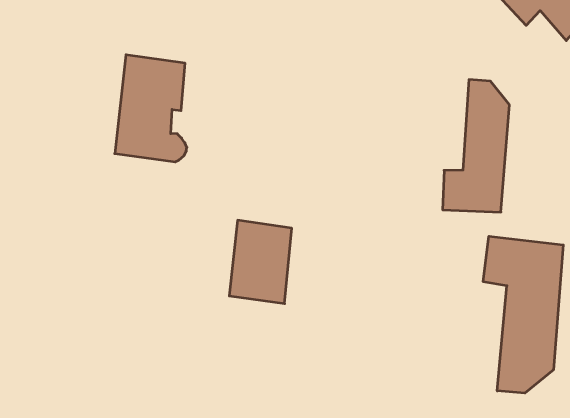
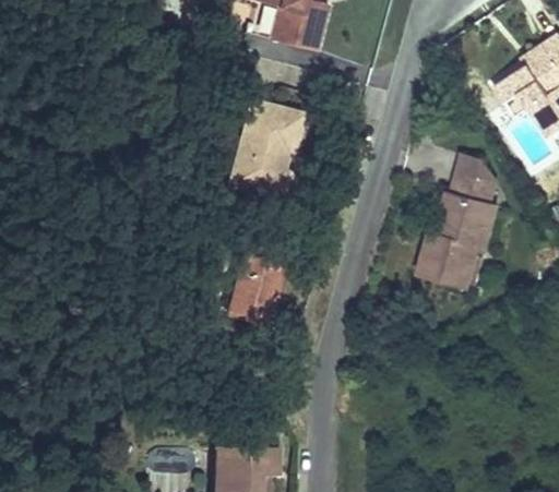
building: [115,55,187,162] -> [230,95,304,194]
building: [483,236,563,393] -> none

